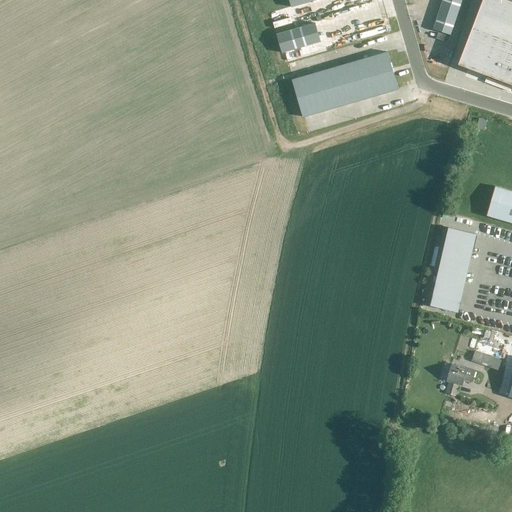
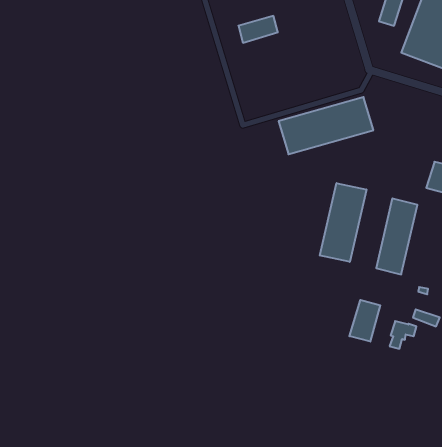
building: [292,52,398,116] -> [279,97,373,154]
building: none -> [320,183,366,262]
building: none -> [349,300,380,342]

